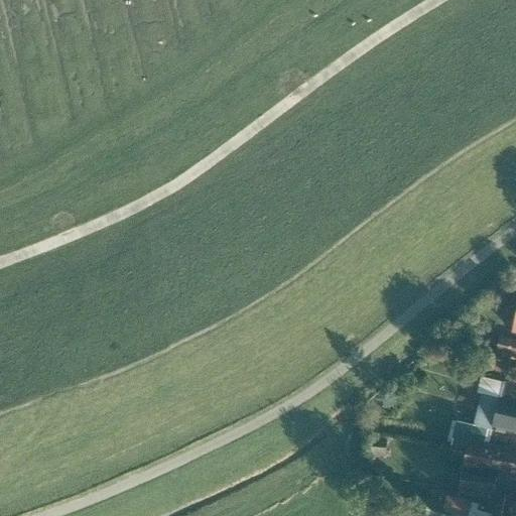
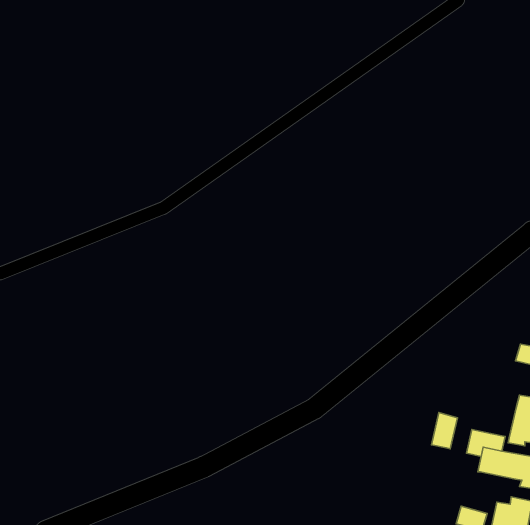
building: [477,395,502,430] -> [432,413,458,449]
building: [461,464,501,499] -> none

